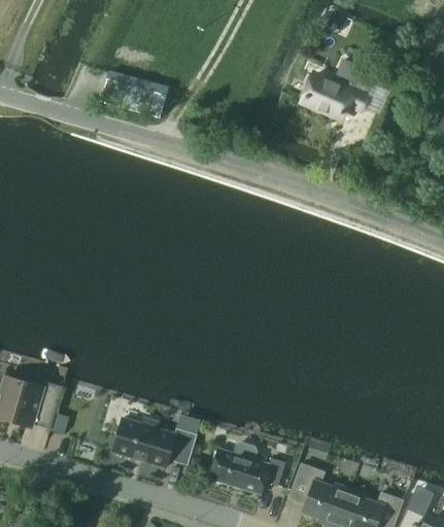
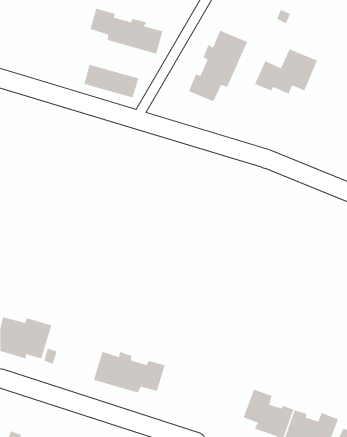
building: none -> [90,8,163,55]
building: none -> [188,30,248,102]
building: [209,443,285,494] -> none

